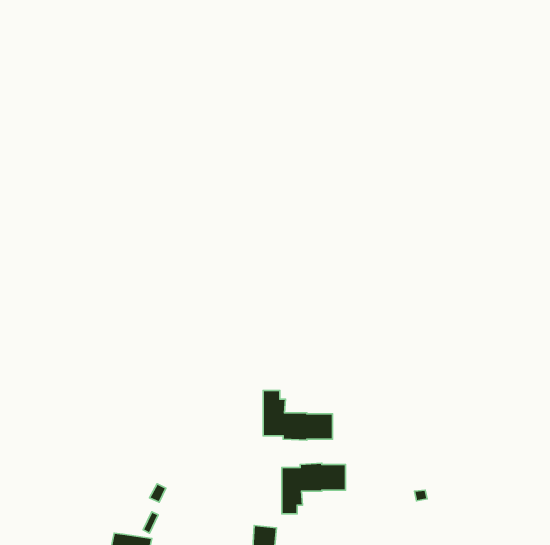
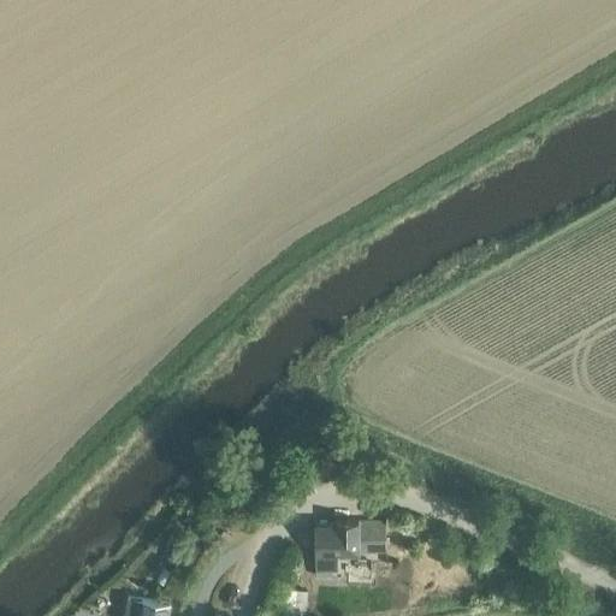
building: [263,391,333,440] -> none

